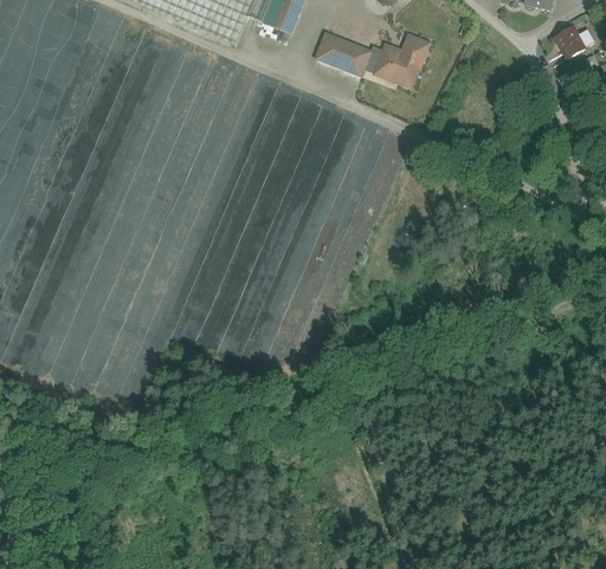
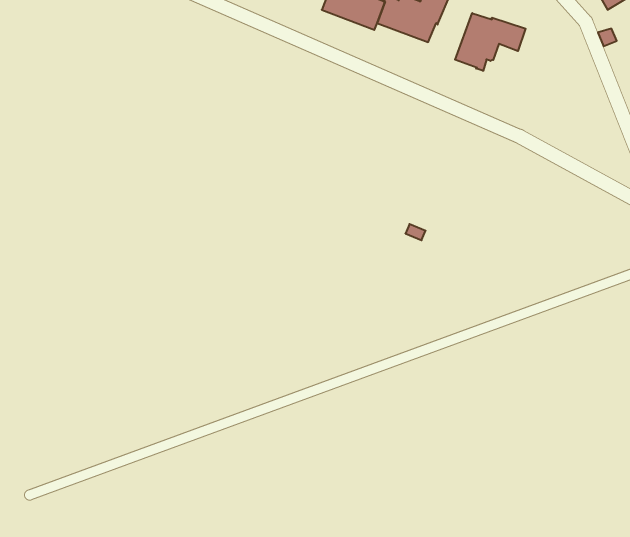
building: none -> [455,13,526,71]

